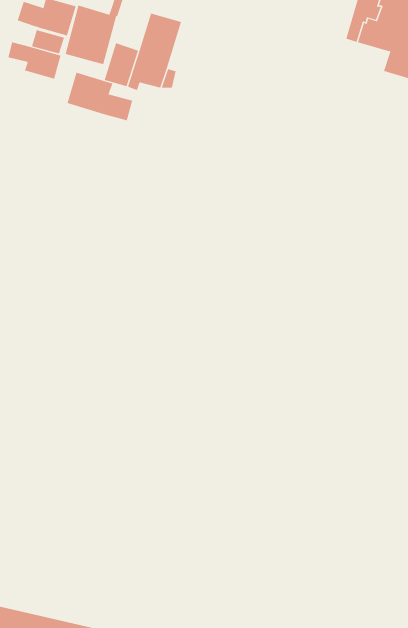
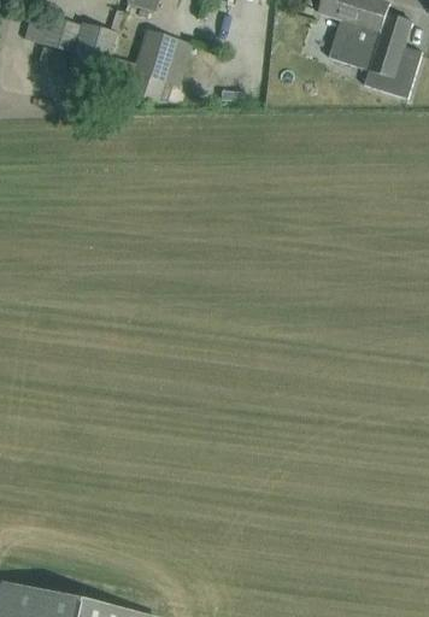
building: [8,42,61,80] -> none
building: [67,72,133,121] -> none

